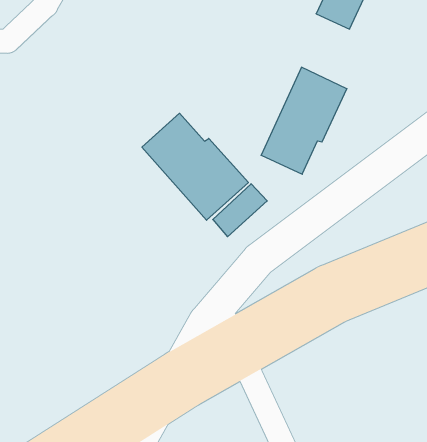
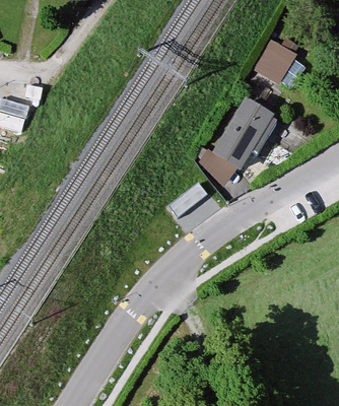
building: [142,113,248,220] -> none

